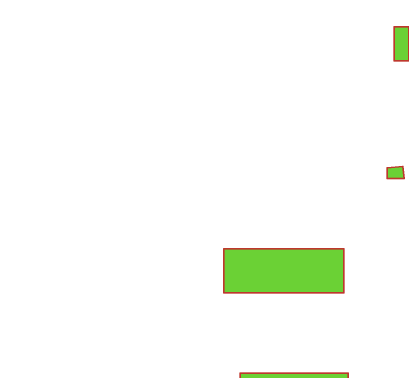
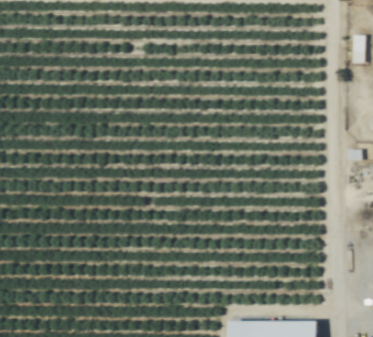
building: [224,249,344,293] -> none

